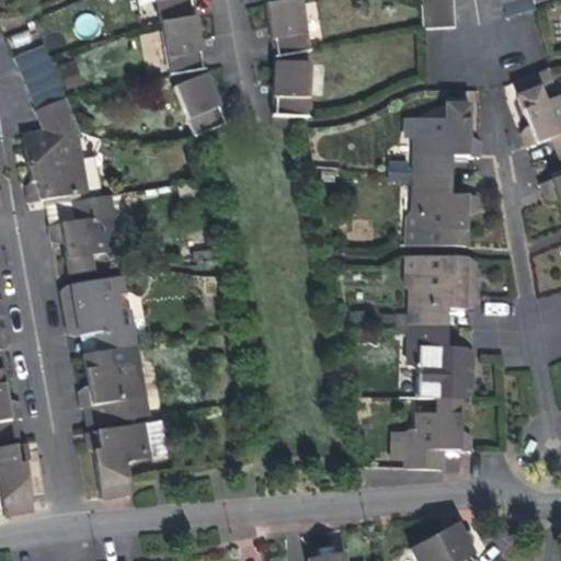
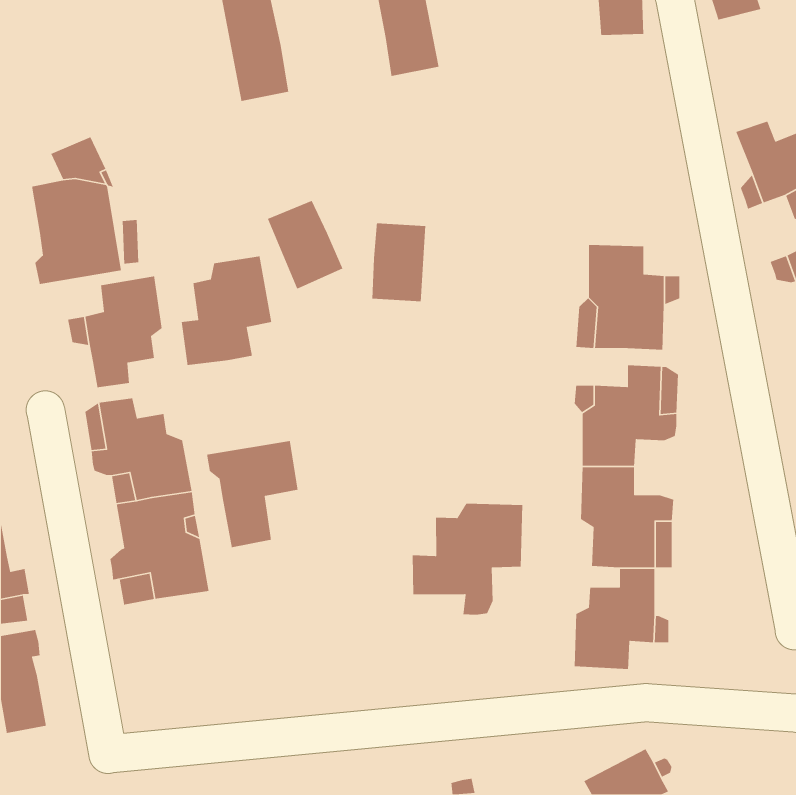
building: [14,43,66,107] -> none
building: [273,58,311,114] -> [372,222,426,302]
building: [174,71,228,134] -> [267,200,343,289]
building: [414,101,480,172] -> none
building: none -> [181,256,272,366]
building: none -> [412,503,523,615]
building: [85,421,150,496] -> [206,440,298,548]

